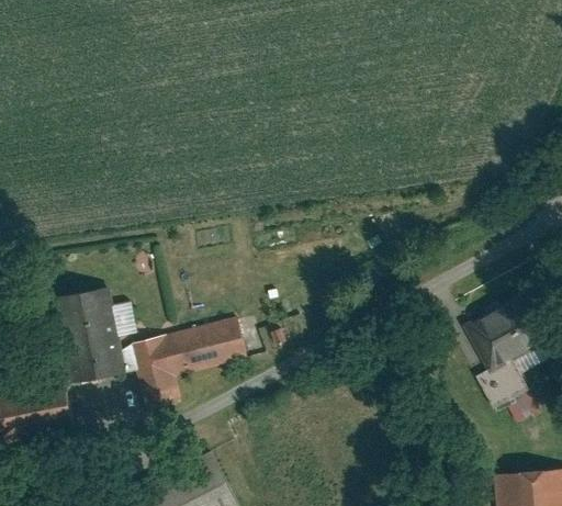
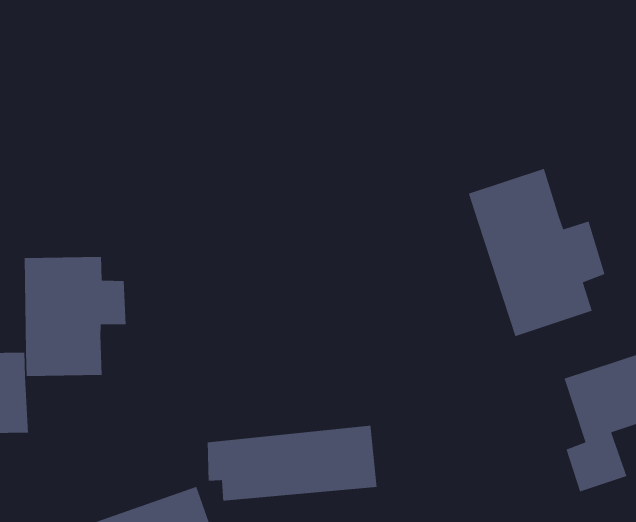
building: none -> [468,168,605,337]
building: [120,315,252,390] -> [207,425,377,502]

